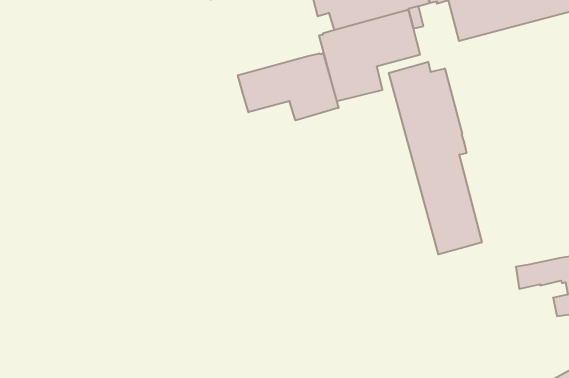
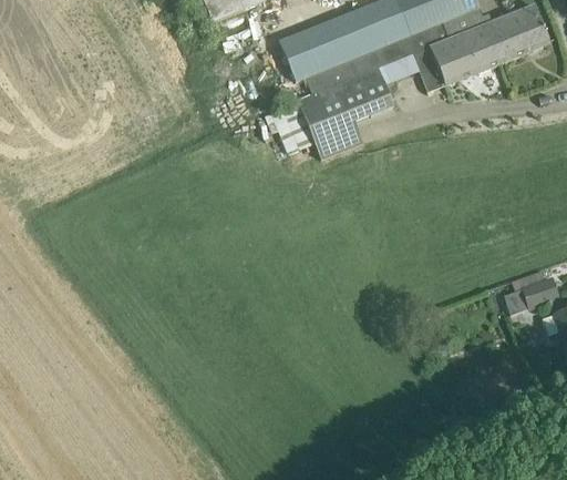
building: [238,53,339,120] -> none
building: [389,62,482,254] -> none

